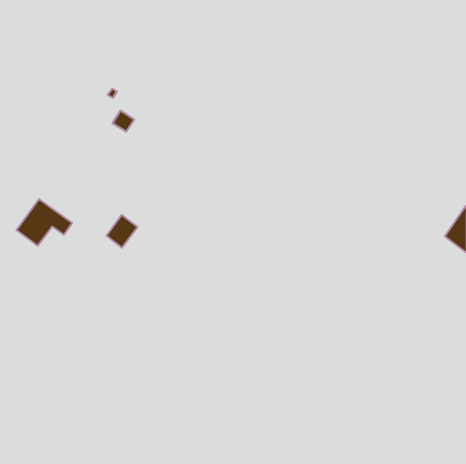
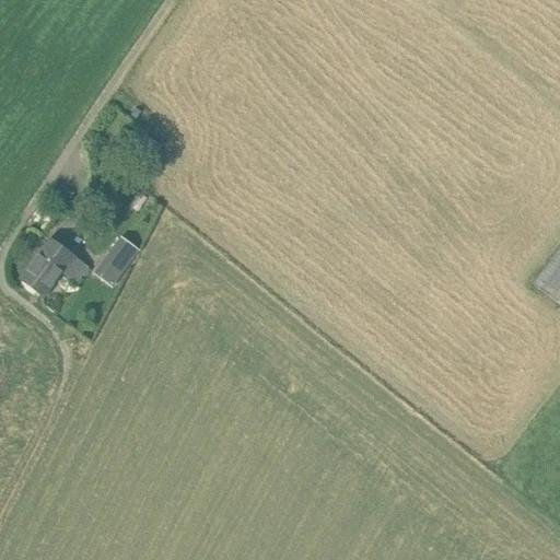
building: [106,215,137,248] -> [103,234,140,273]

